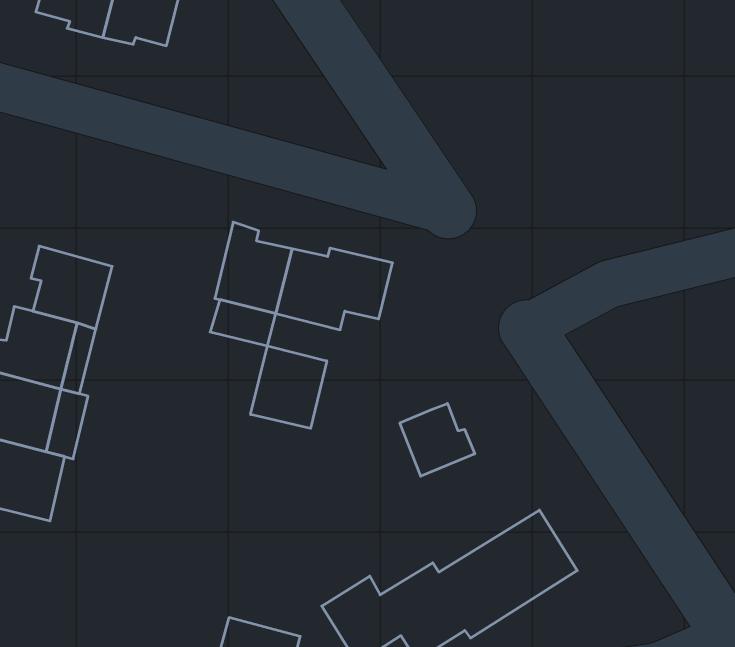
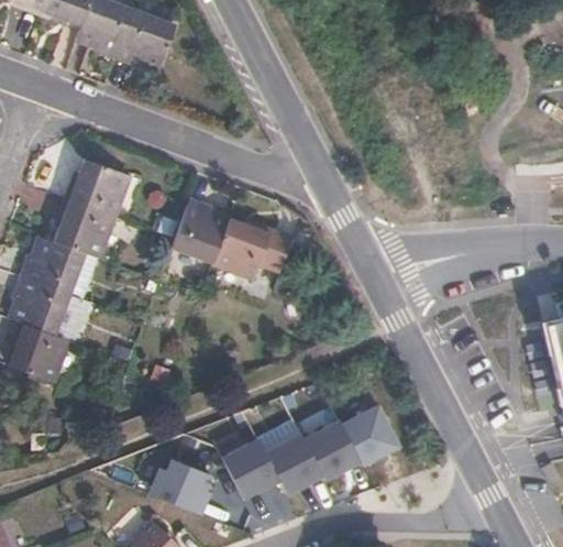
building: none -> [62,154,124,214]
building: [251,346,327,428] -> none
building: [400,403,475,476] -> none

